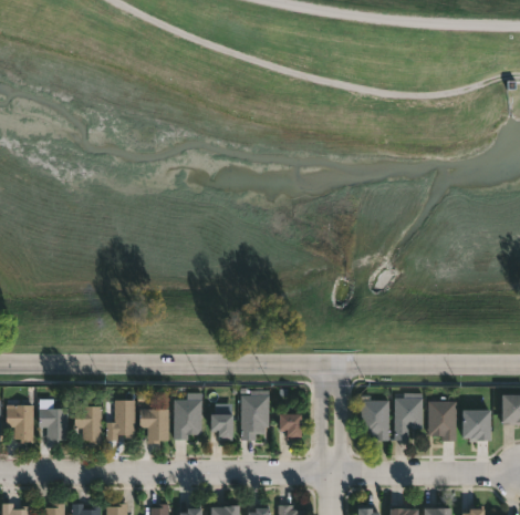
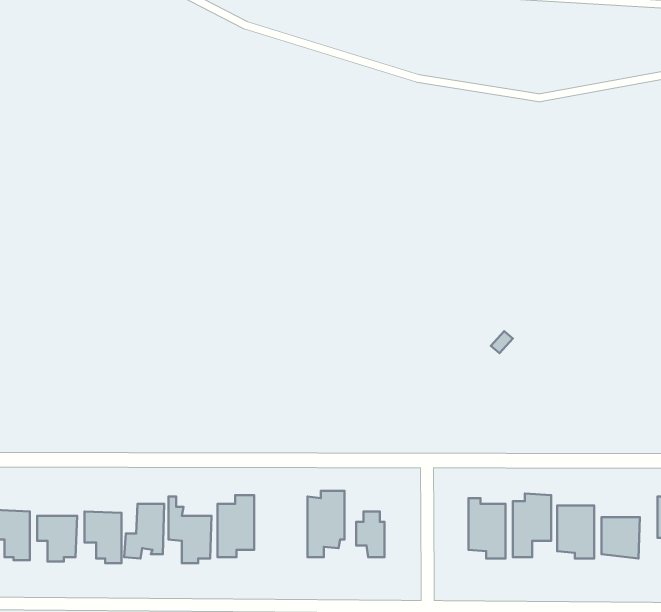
building: [211,414,233,440] -> none

